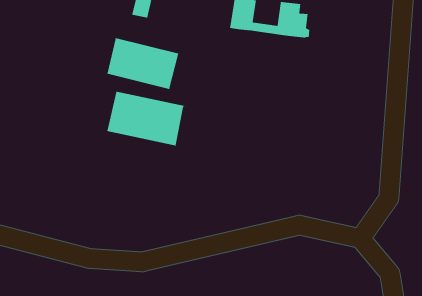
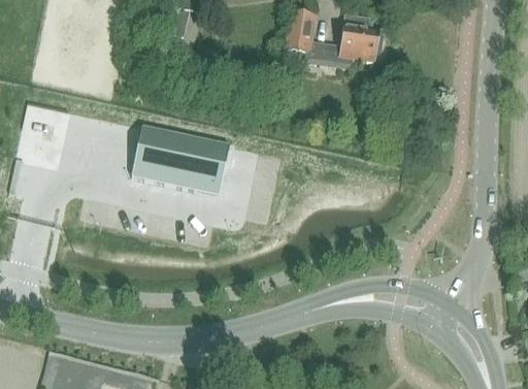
building: [105,37,180,90] -> none

